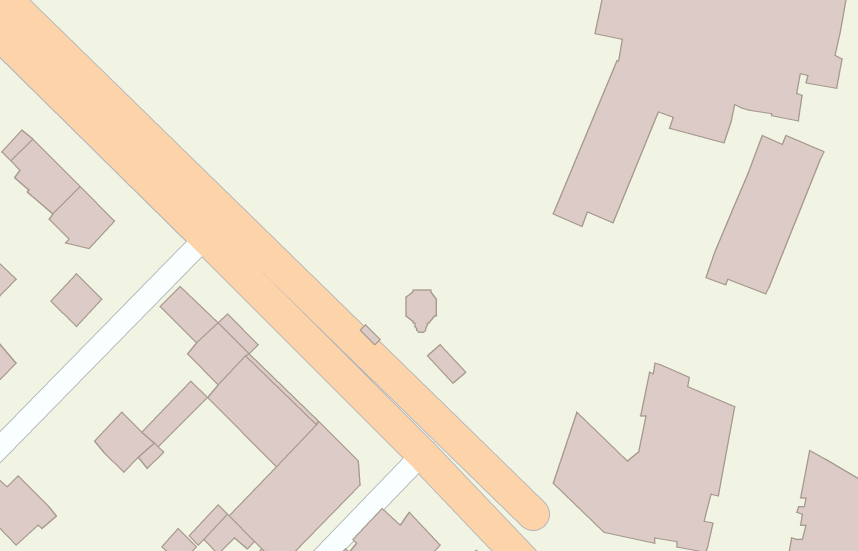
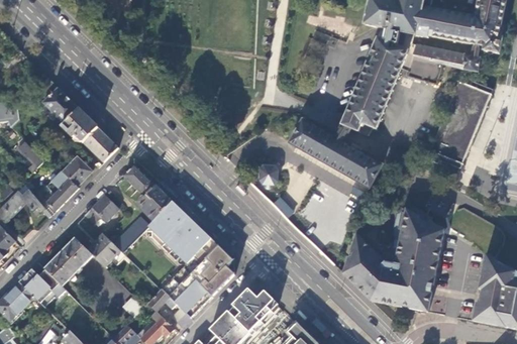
building: none -> [288,119,381,187]
building: none -> [83,127,117,161]
building: none -> [44,170,78,211]
building: none -> [83,194,117,224]
building: none -> [43,238,91,285]

